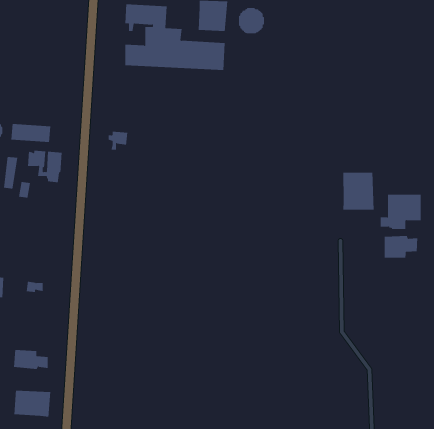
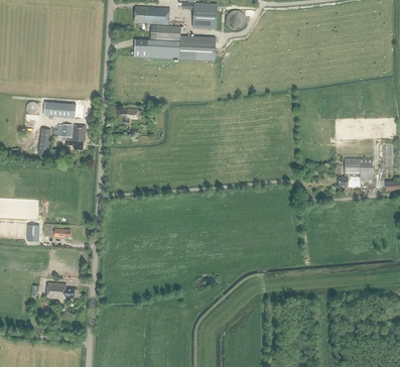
building: [343,172,374,210] -> none
building: [384,235,418,259] -> none
building: [14,390,51,418] -> none

